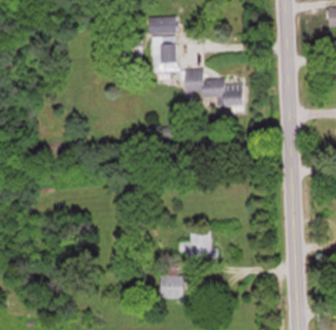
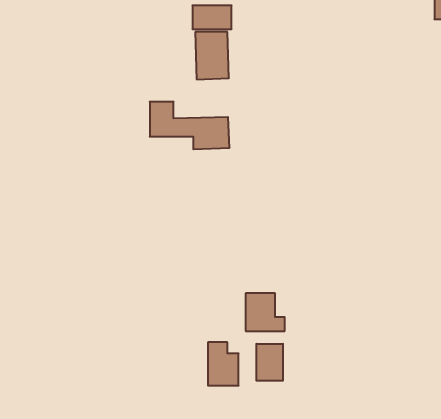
building: [187,70,245,105] -> [150,102,230,149]
building: none -> [256,344,283,381]

